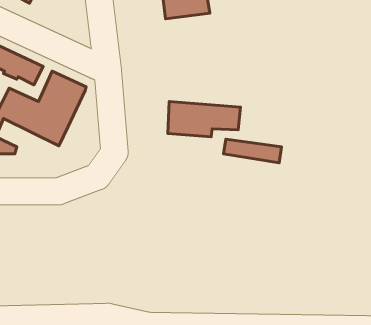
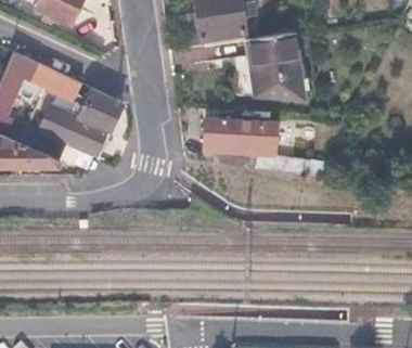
building: none -> [245,33,300,98]

